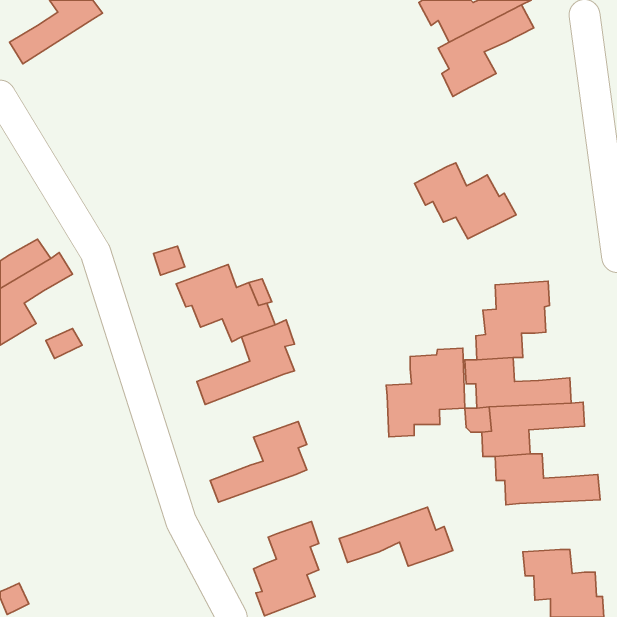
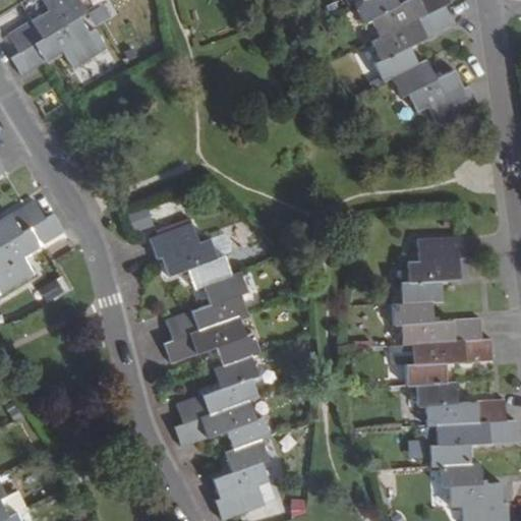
building: none -> [12,16,106,74]
building: [415,163,516,239] -> [391,59,476,123]
building: [386,348,465,437] -> none
building: none -> [165,315,259,365]
building: none -> [429,421,516,466]
building: [339,507,453,566] -> [175,400,271,450]

